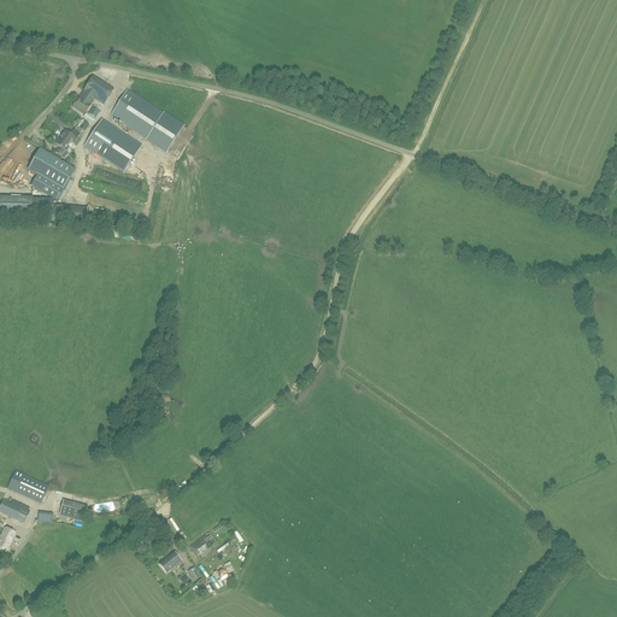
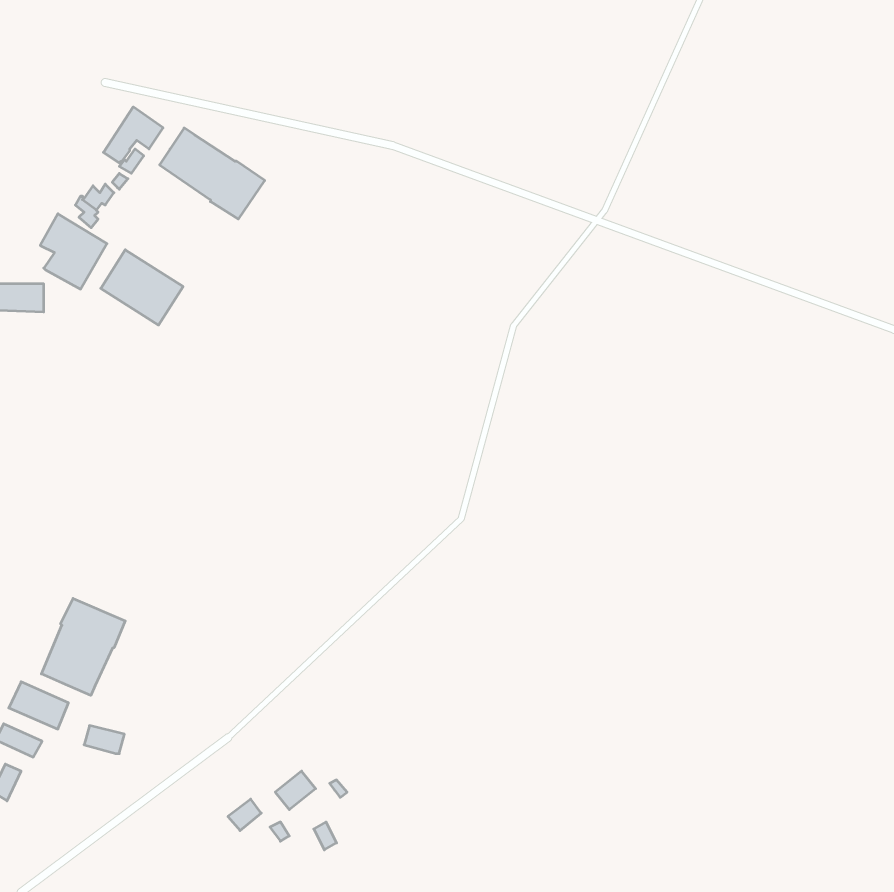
building: [83,118,140,170] -> [101,250,183,325]
building: none -> [41,598,125,695]

